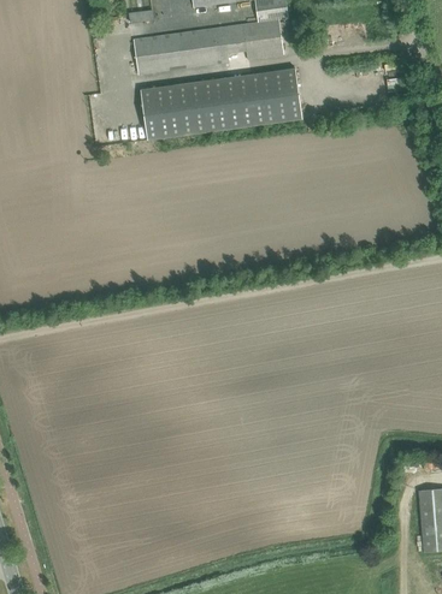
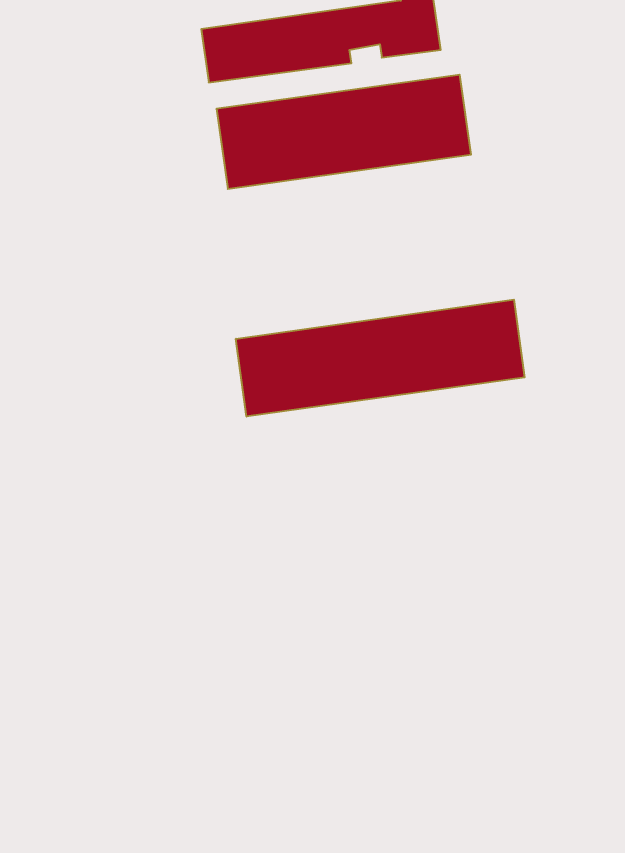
building: none -> [236,300,525,417]

